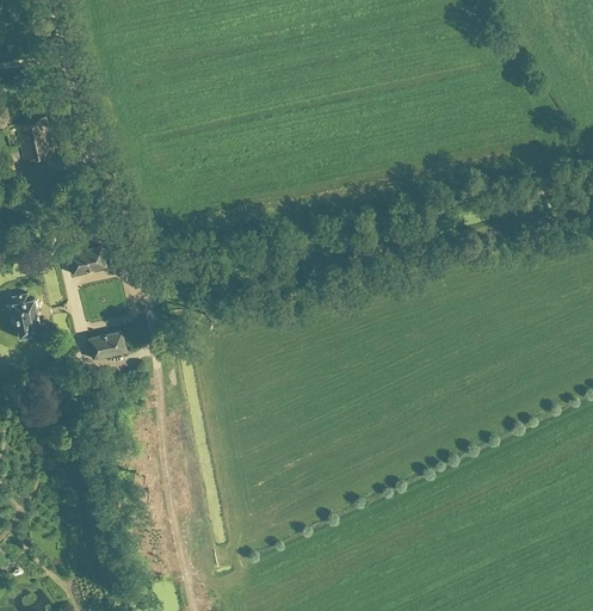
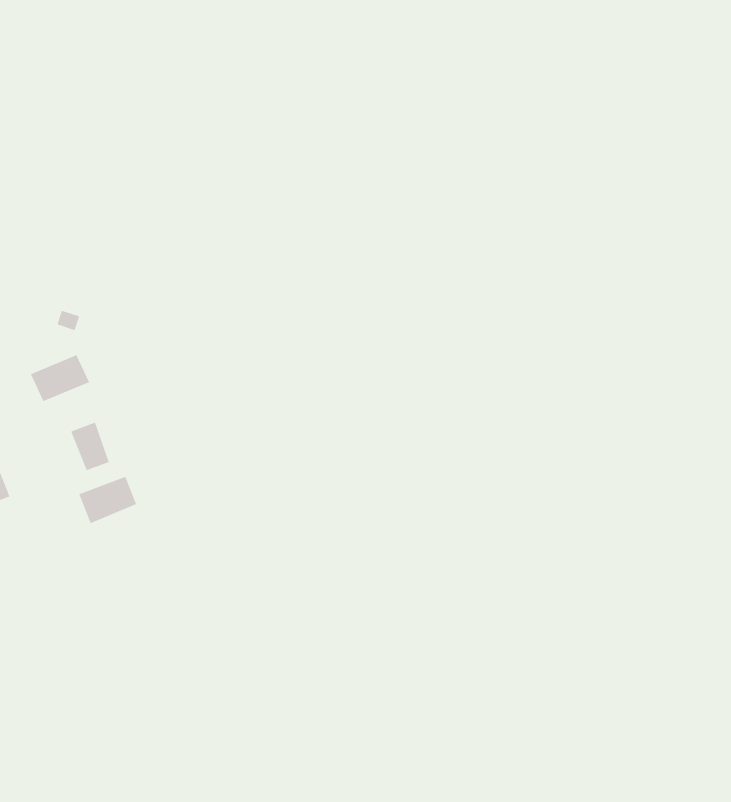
building: none -> [70,421,110,471]

